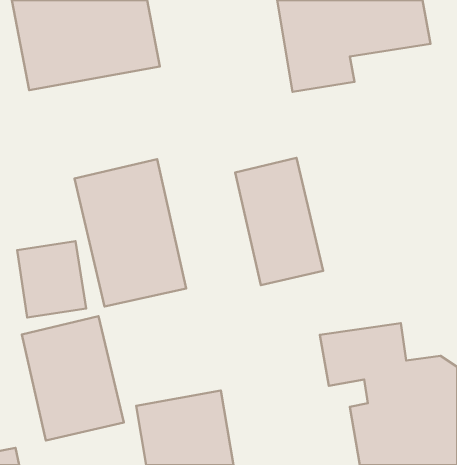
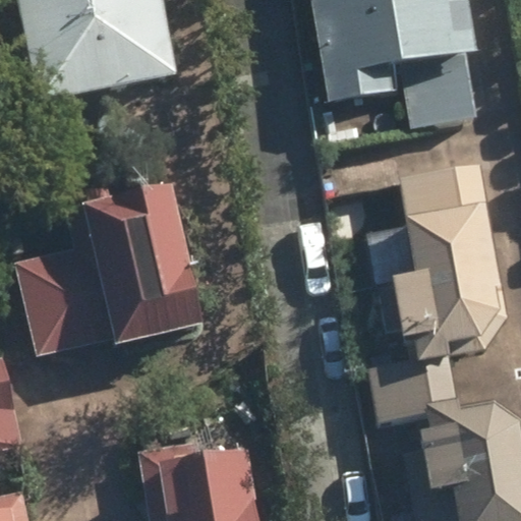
building: none -> [383,162,503,362]
building: [235,158,323,285] -> none
building: [22,316,124,441] -> none

